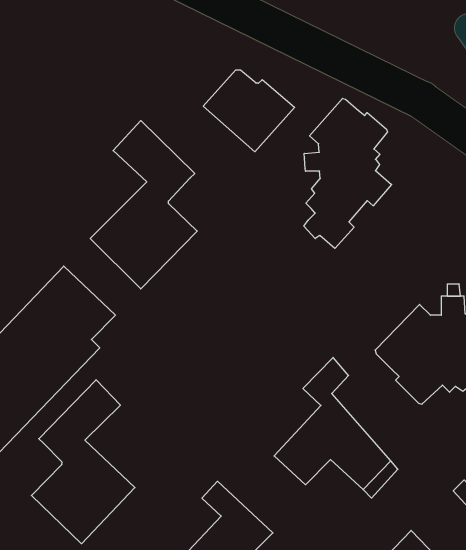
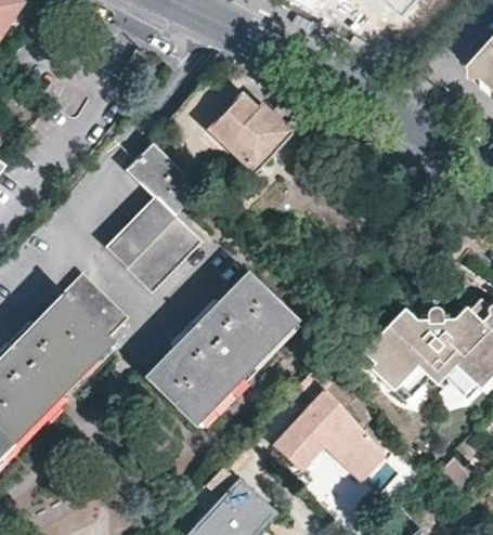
building: [304,98,392,248] -> none
building: none -> [146,275,298,429]
building: [31,380,135,544] -> none

